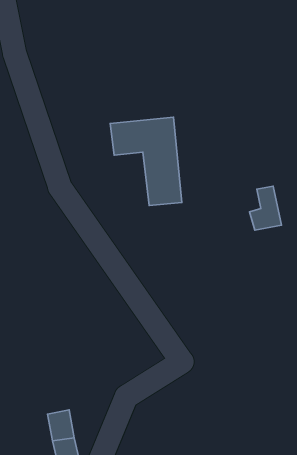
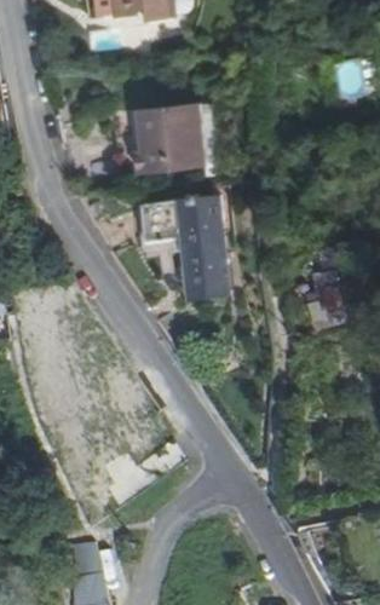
building: none -> [136,106,203,172]

